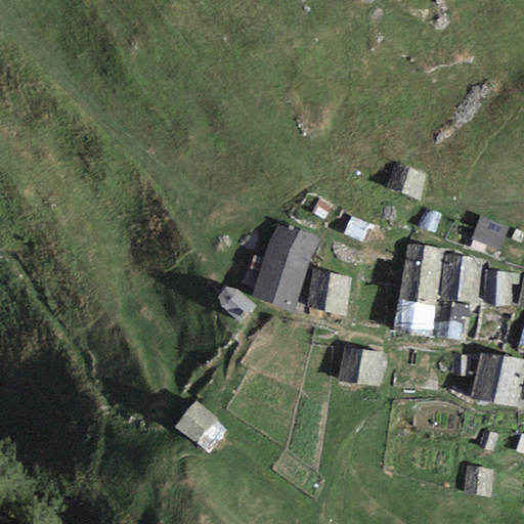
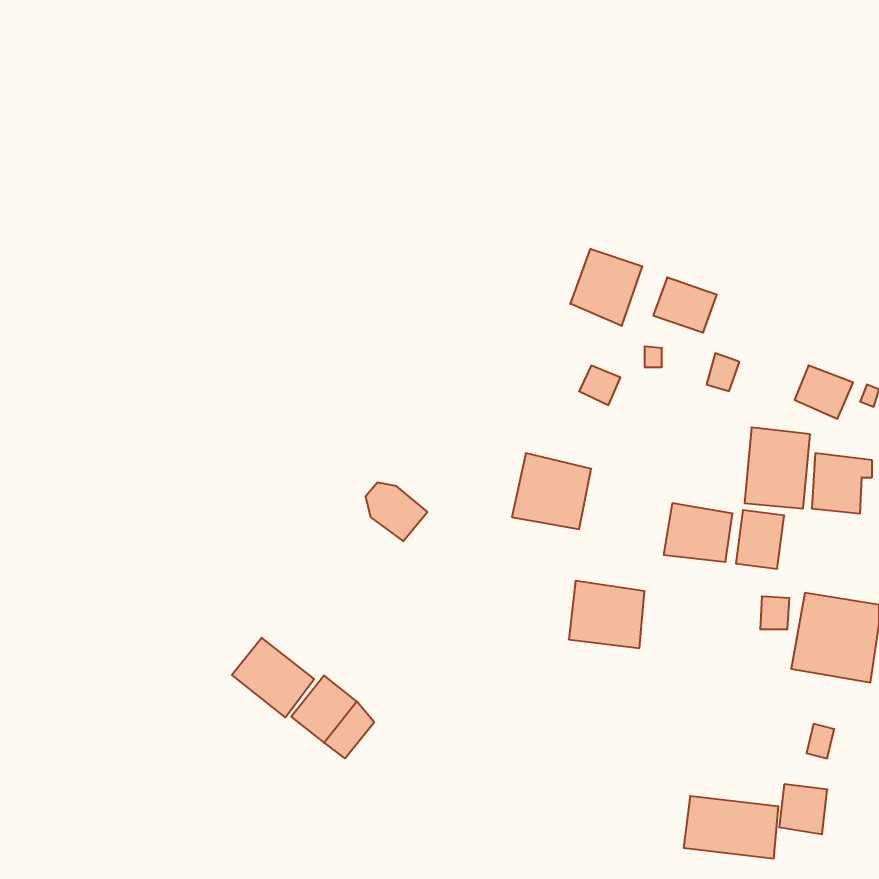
building: none -> [570,249,642,326]
building: [251,224,318,311] -> none
building: [399,243,443,305] -> none
building: none -> [232,638,314,717]
building: none -> [684,796,778,859]

